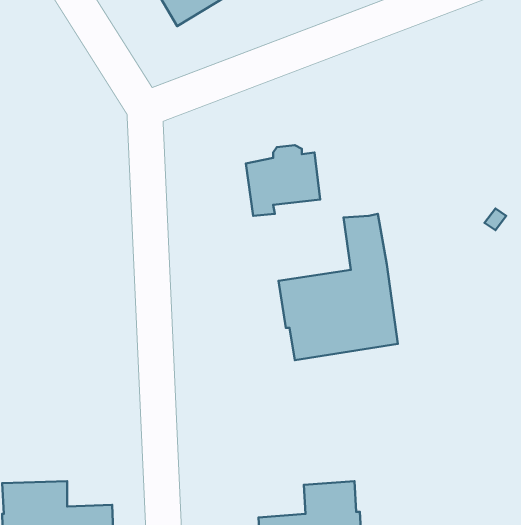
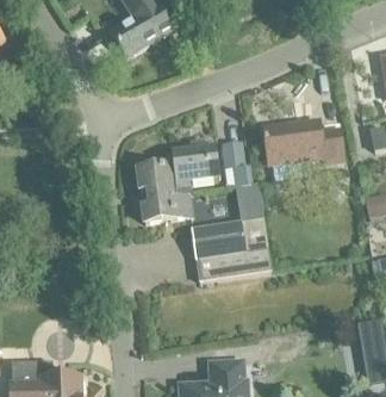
building: none -> [263,118,343,162]
building: none -> [222,139,251,185]
building: none -> [137,163,188,219]

